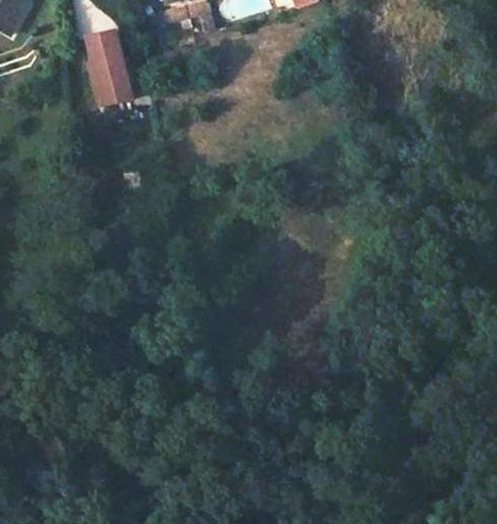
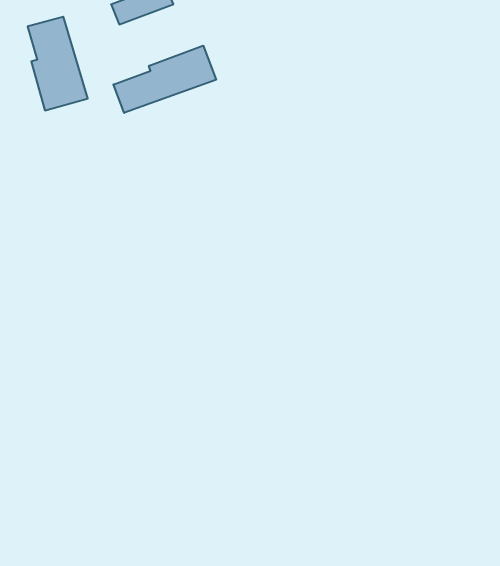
building: none -> [113,46,216,113]

